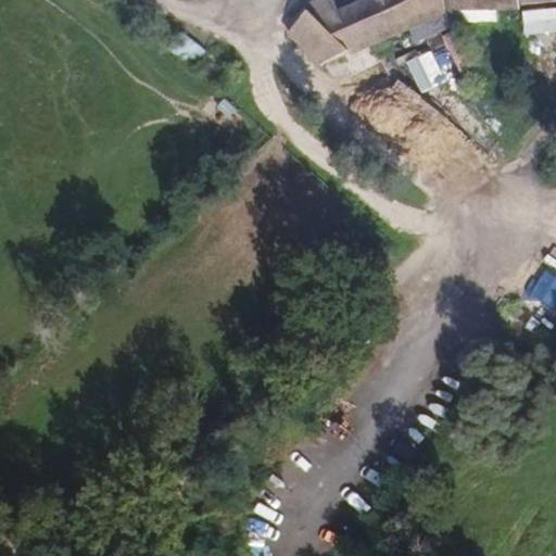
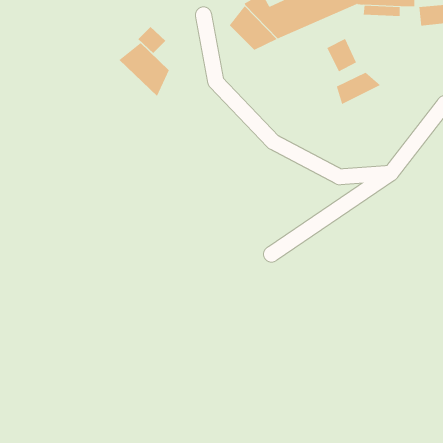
building: none -> [118,42,170,97]
building: none -> [336,72,381,105]

